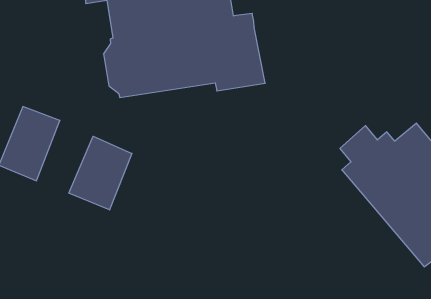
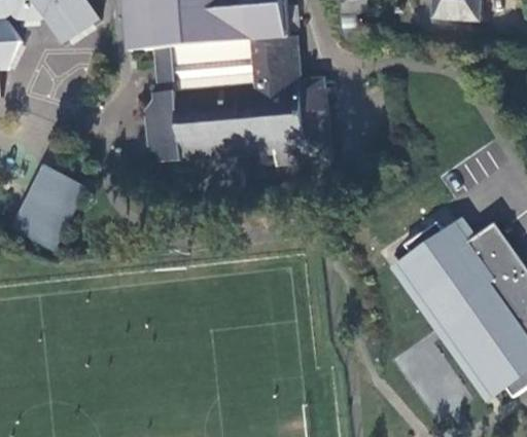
building: [69,136,132,210] -> none

